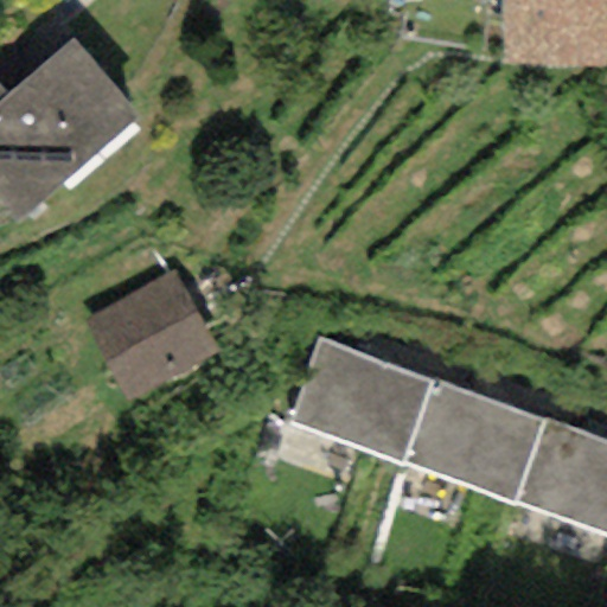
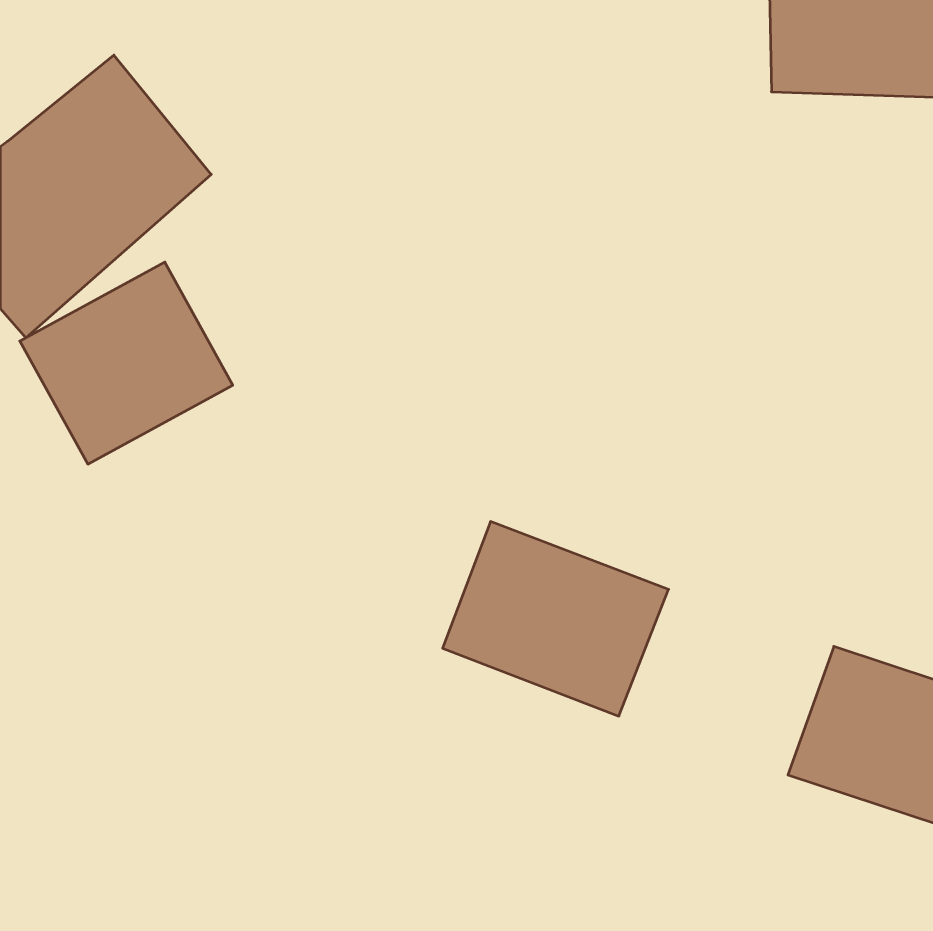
building: [84,268,222,398] -> [20,262,233,464]
building: [403,381,542,500] -> none

